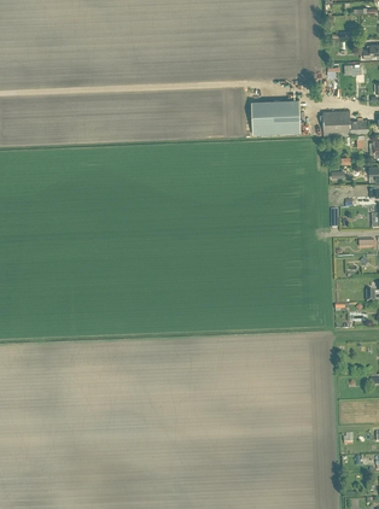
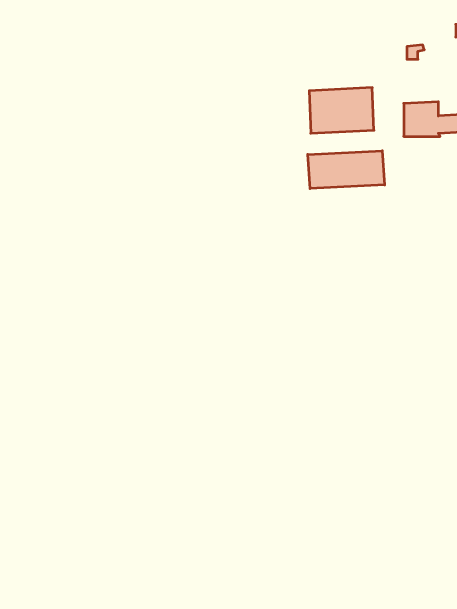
building: none -> [308,151,385,189]

